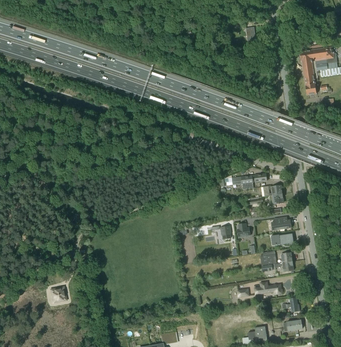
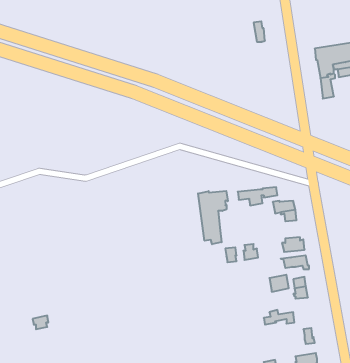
building: none -> [198,191,228,244]

